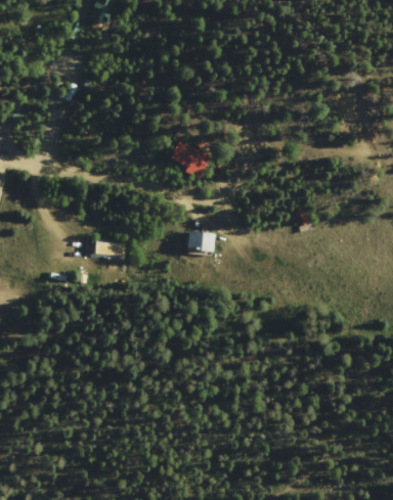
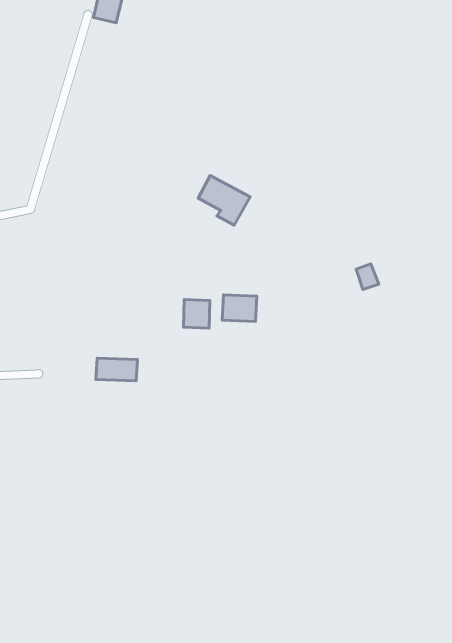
building: none -> [183,300,210,328]
building: [90,241,122,259] -> [96,358,138,381]

